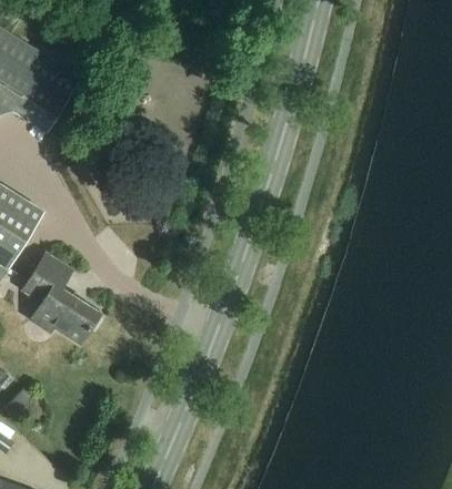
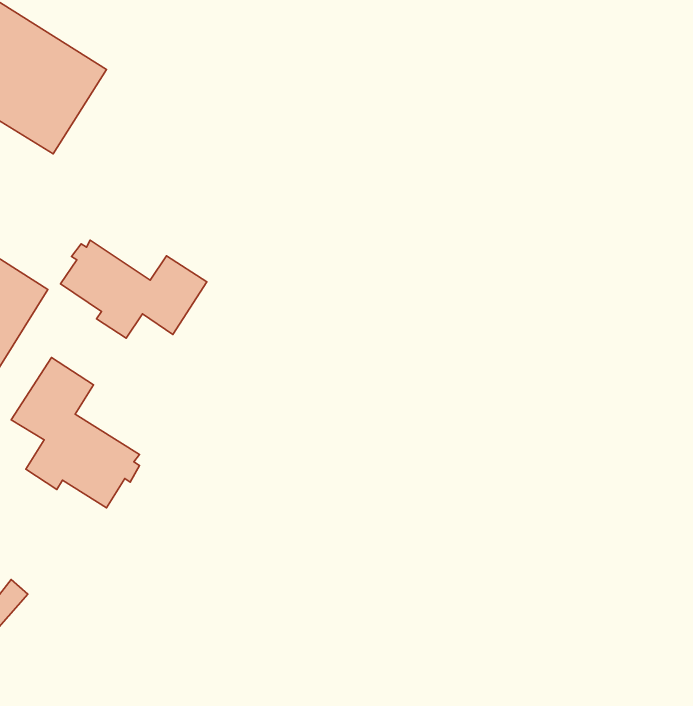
building: none -> [60,240,207,338]

